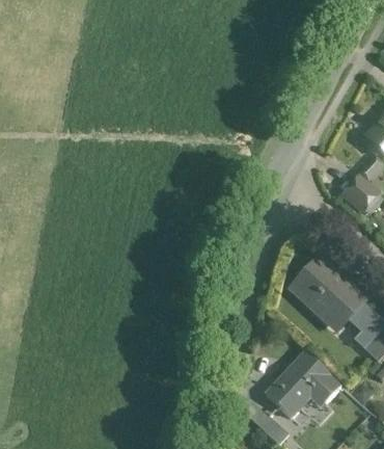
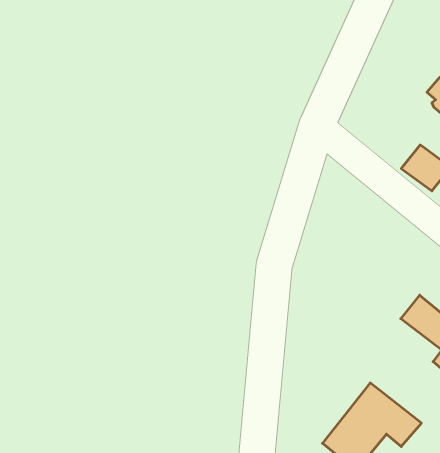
building: [290,257,351,312] -> none

